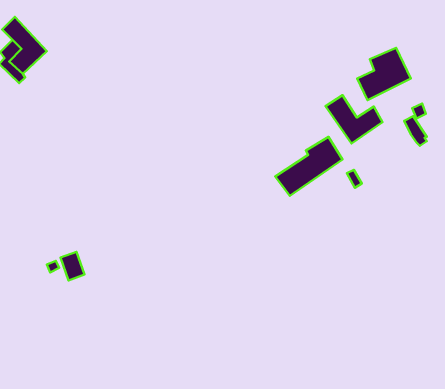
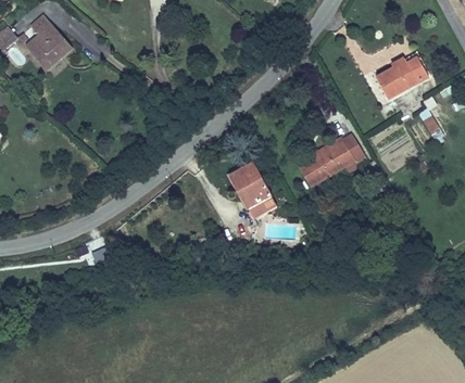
building: [326,95,383,143] -> none
building: none -> [228,164,272,219]

